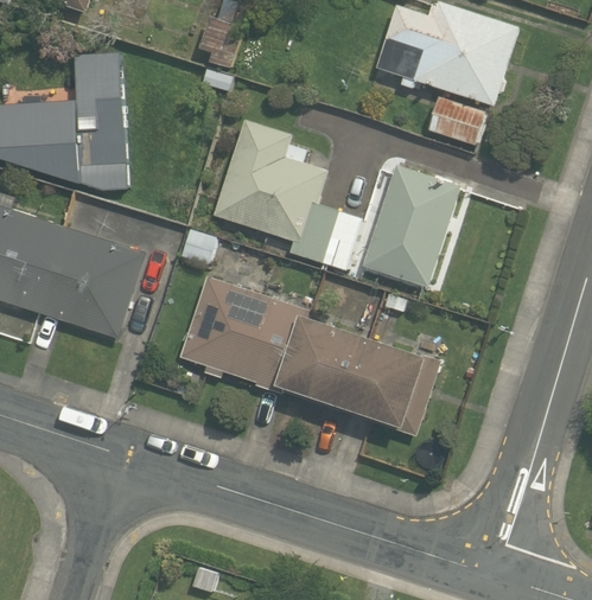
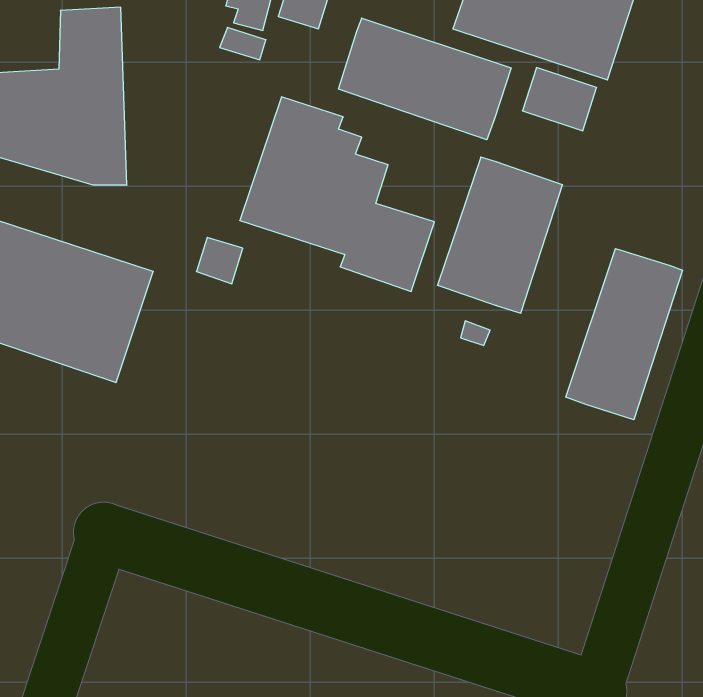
building: none -> [338,18,511,140]
building: none -> [566,249,682,420]
building: [178,275,441,435] -> none

